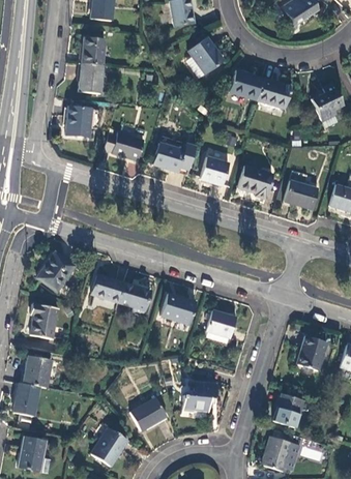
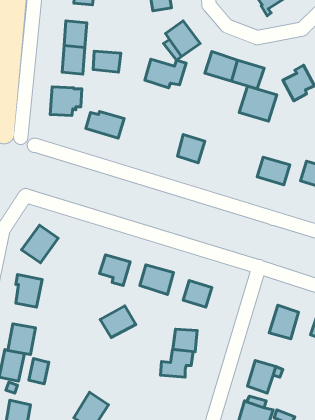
building: none -> [93,51,121,72]
building: none -> [239,86,277,121]
building: [153,143,197,173] -> [145,59,186,88]
building: [238,166,272,199] -> none
building: [91,273,124,302] -> none
building: none -> [173,329,197,352]
building: none -> [29,359,49,384]
building: [129,396,167,429] -> [100,306,136,337]

